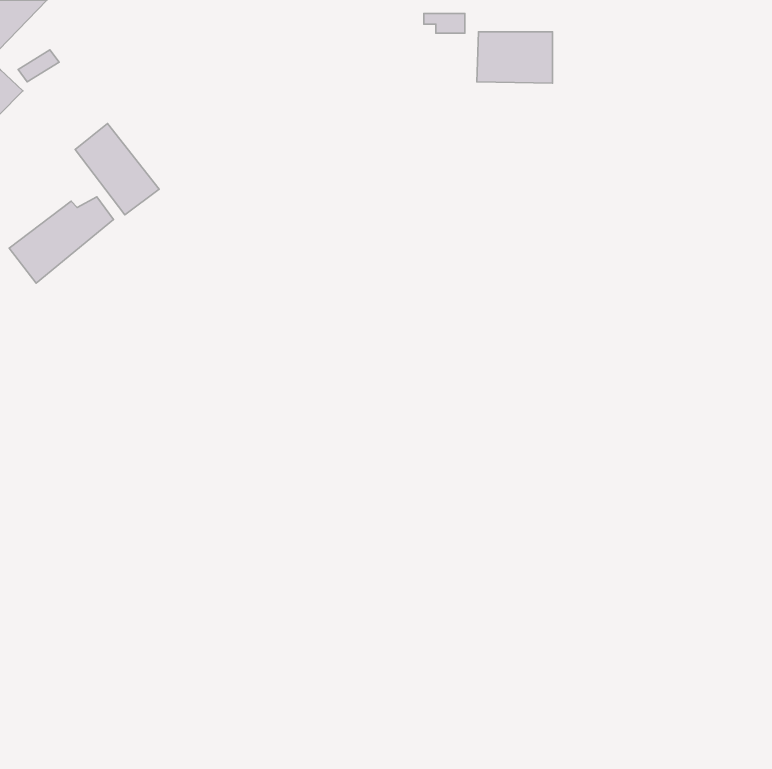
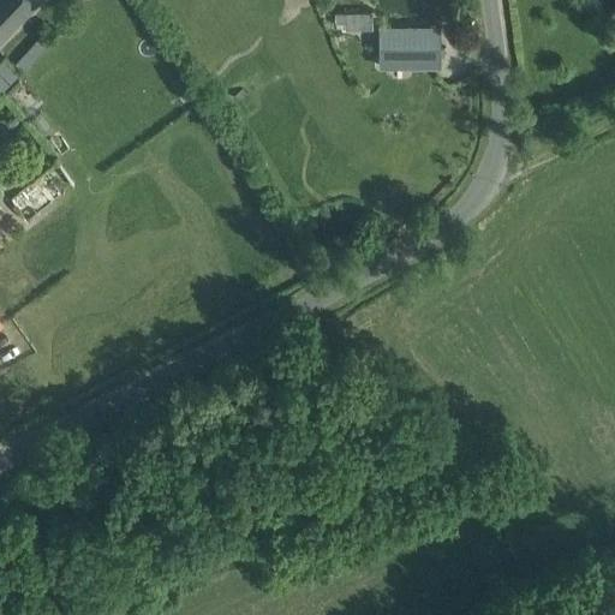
building: [75,123,159,215] -> none

